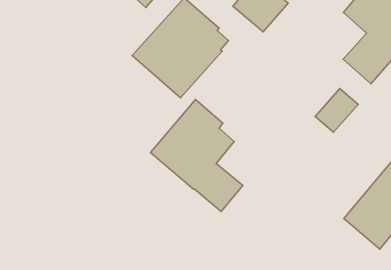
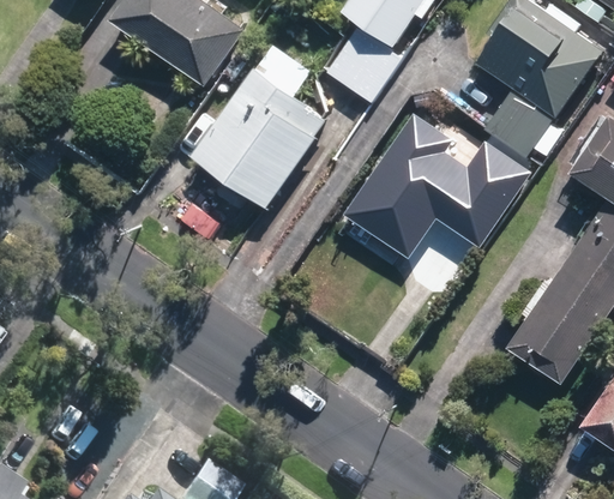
building: none -> [343,113,470,245]
building: [151,100,243,212] -> none

